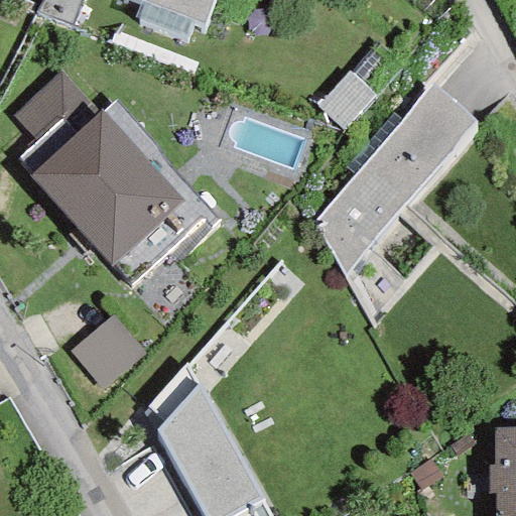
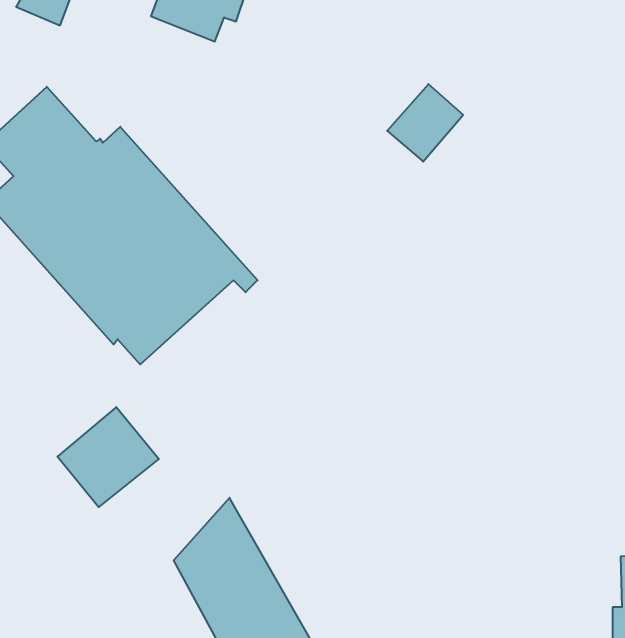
building: [315,84,475,275] -> none

